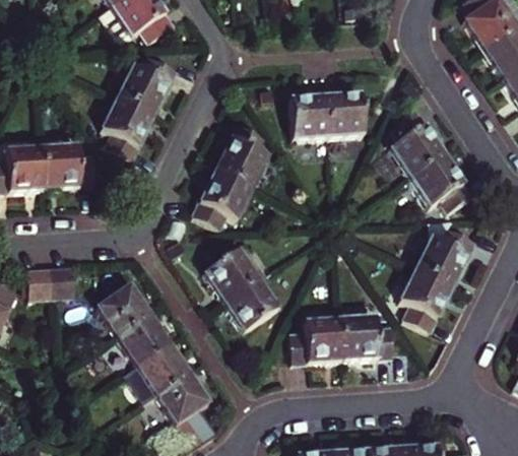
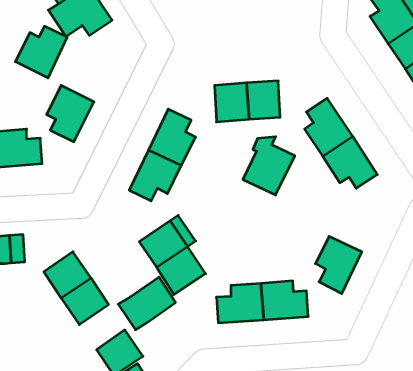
building: [117,58,175,116] -> [15,26,67,78]
building: [416,218,474,283] -> [243,137,295,195]
building: [124,342,188,401] -> [118,277,175,330]

